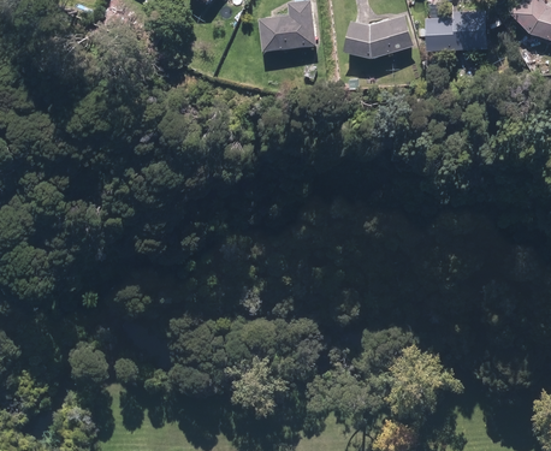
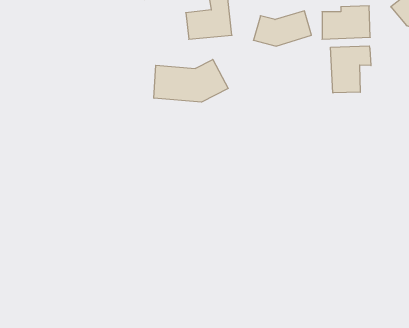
building: none -> [331,46,371,93]
building: none -> [154,59,228,102]

